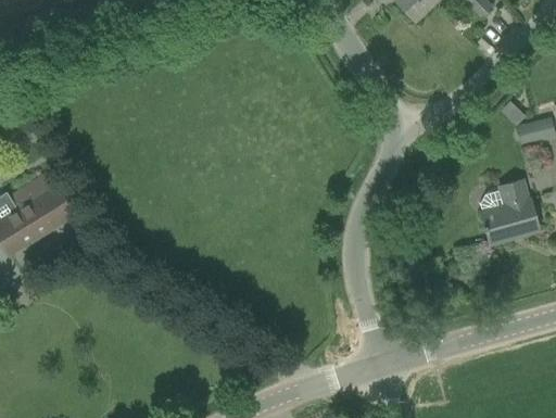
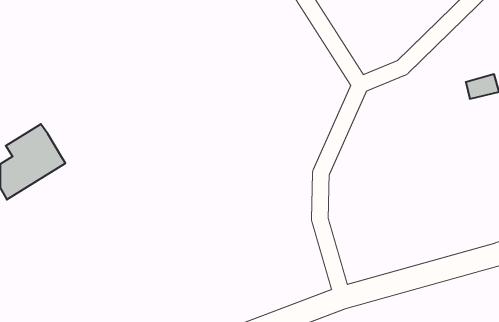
building: [481,180,539,243] -> none

